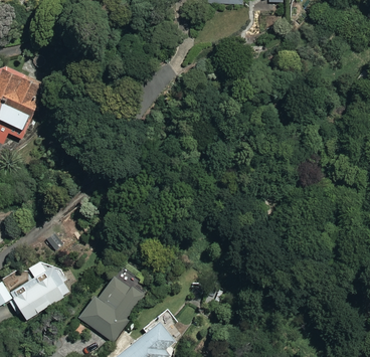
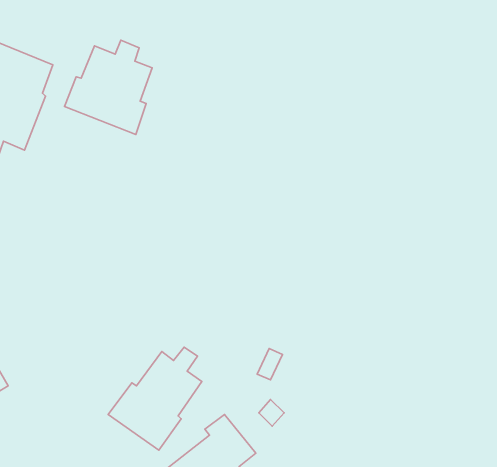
building: none -> [65,40,152,135]
building: [10,260,69,319] -> none

